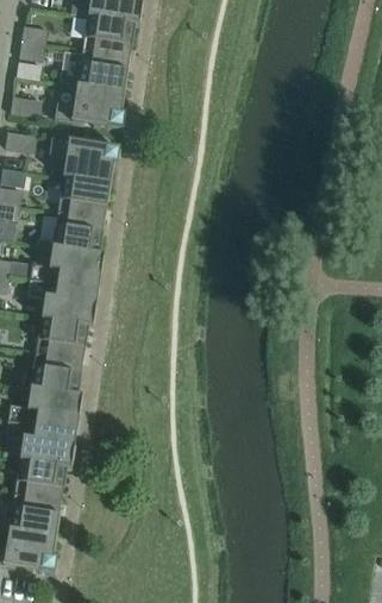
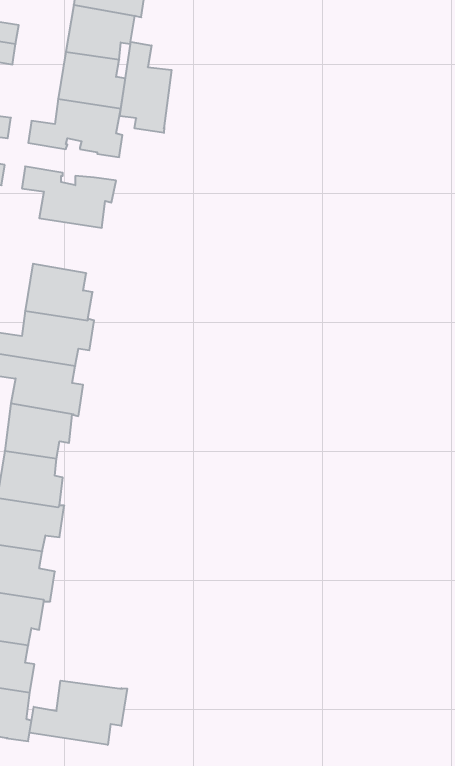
building: none -> [120,42,172,133]
building: [58,176,111,218] -> none
building: none -> [30,681,127,745]

